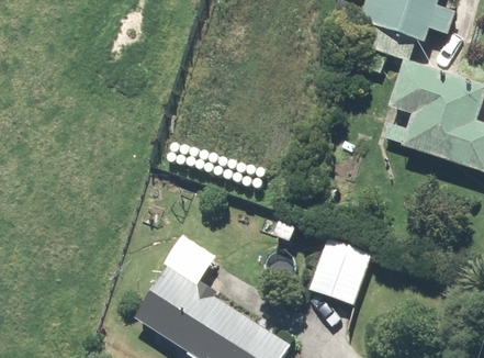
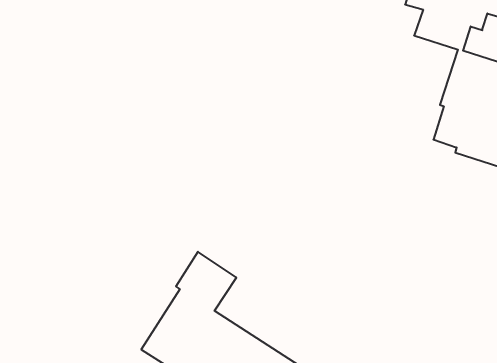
building: [307,240,370,303] -> none

